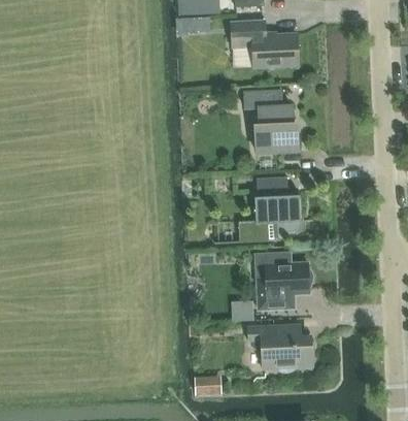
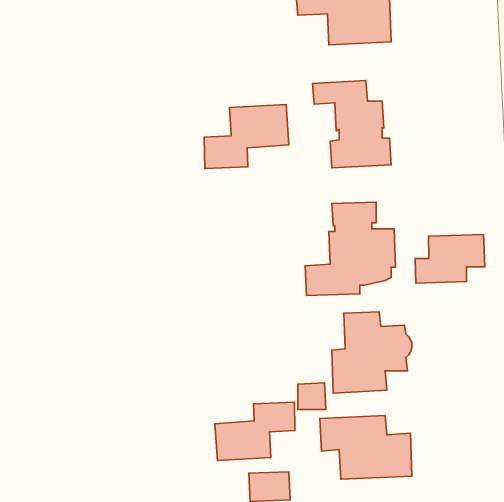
building: none -> [204,104,289,169]
building: none -> [415,234,485,283]
building: none -> [215,402,295,460]

